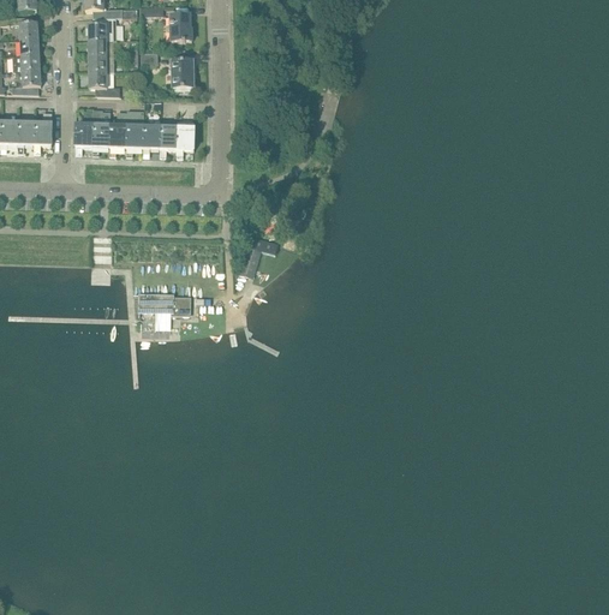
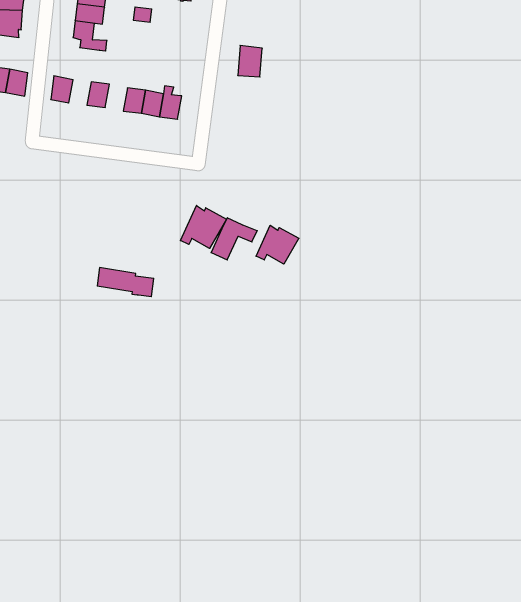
building: [172,58,193,85] -> [238,45,262,77]
building: [92,107,111,145] -> none
building: [126,108,144,147] -> none
building: none -> [180,205,227,248]
building: none -> [256,225,299,264]

